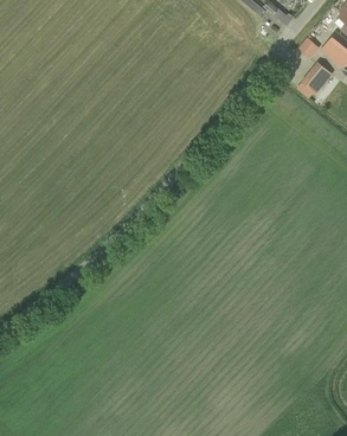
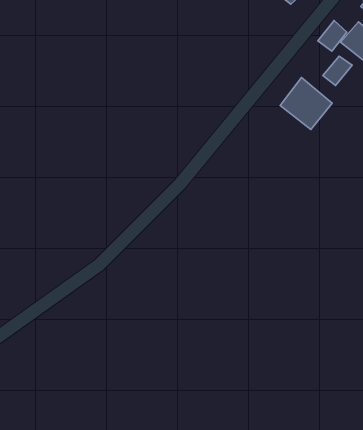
building: none -> [280,78,332,129]

